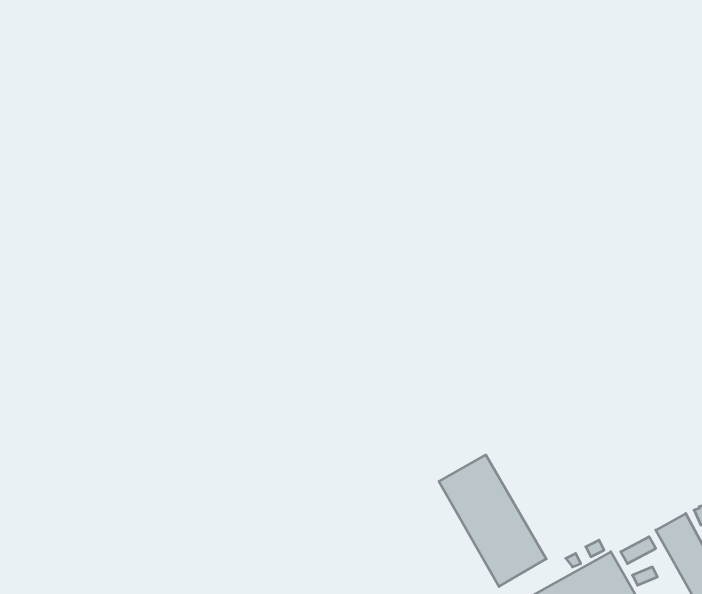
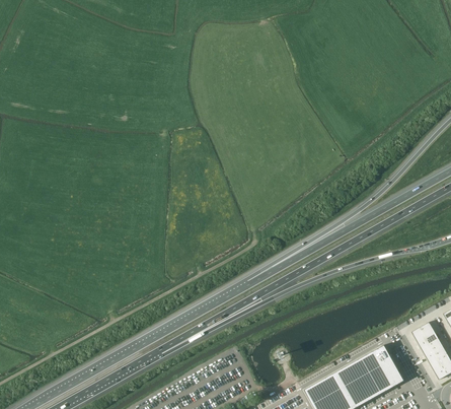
building: [439,455,546,587] -> none

